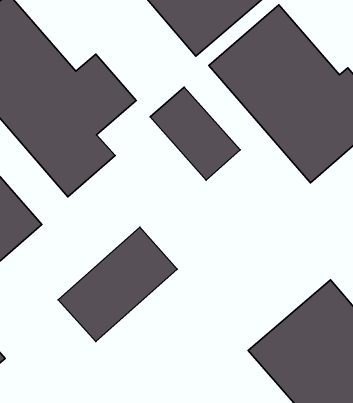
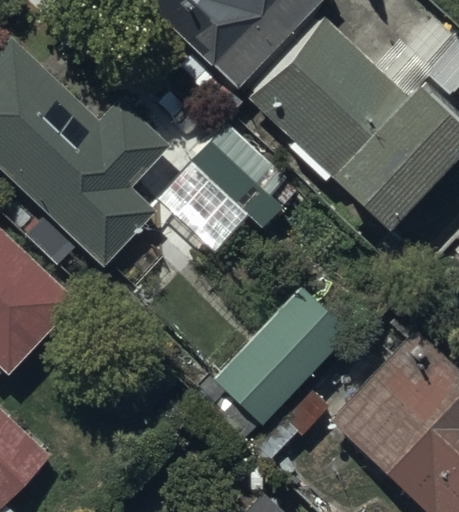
building: [58,227,177,341] -> [214,288,348,425]

